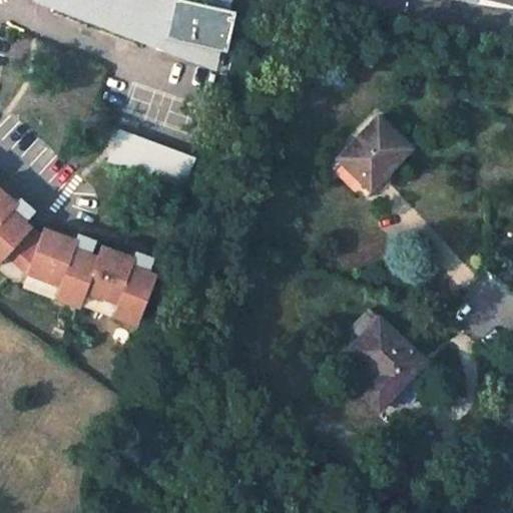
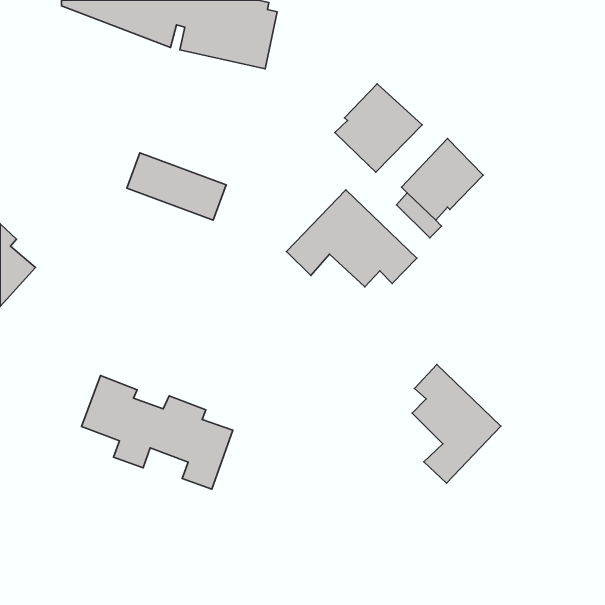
building: none -> [335,84,422,172]
building: none -> [286,190,417,287]
building: [26,227,154,324] -> [81,376,233,489]

